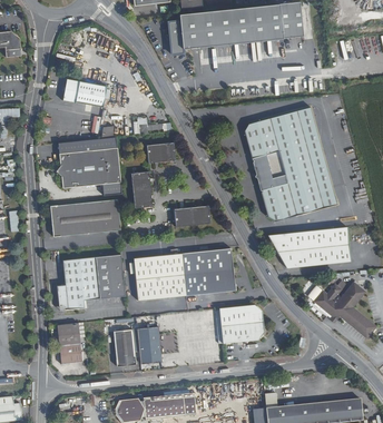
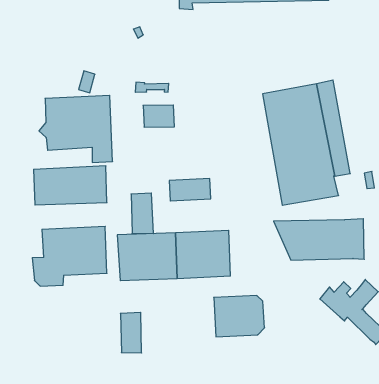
building: [61,81,106,108] -> none
building: [129,169,151,206] -> [131,193,154,234]
building: [57,322,82,361] -> none
building: [112,327,137,365] -> none

